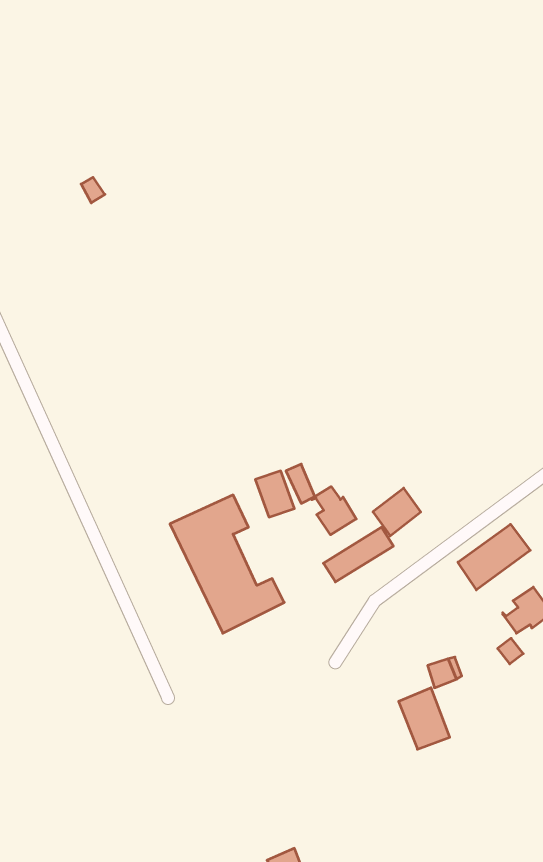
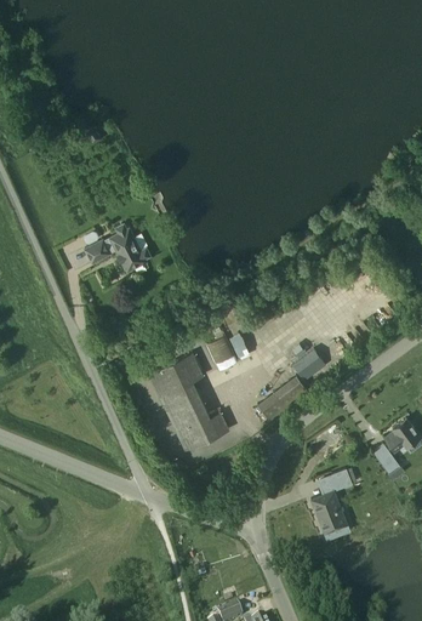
building: none -> [82,223,152,270]
building: [312,487,356,535] -> none
building: [458,524,530,590] -> none

